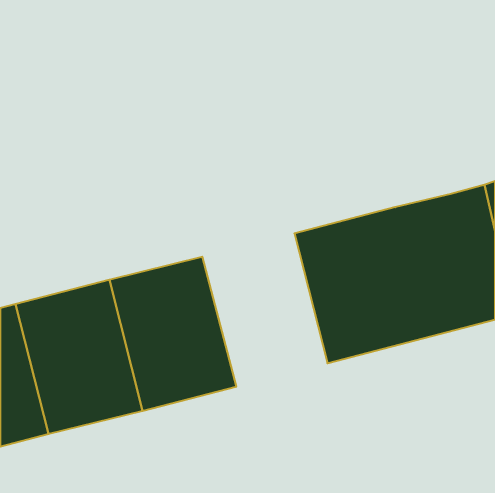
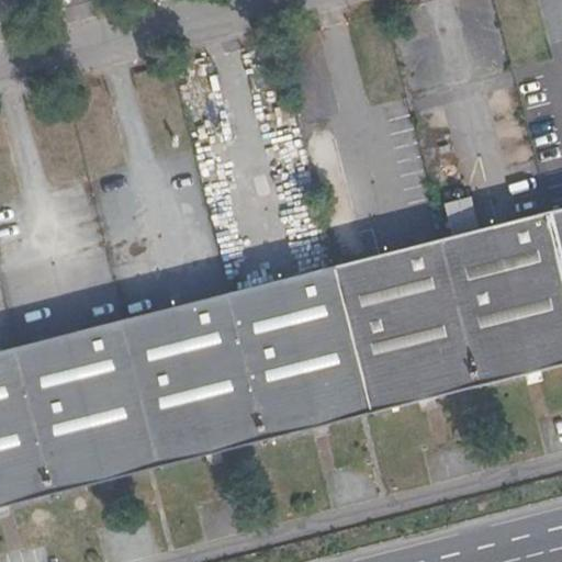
building: none -> [229,265,371,438]

